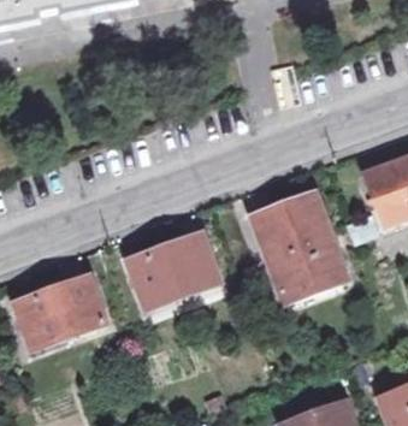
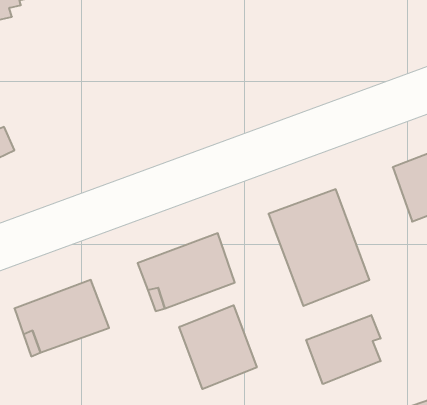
building: none -> [179,305,257,389]
building: none -> [306,315,381,384]

